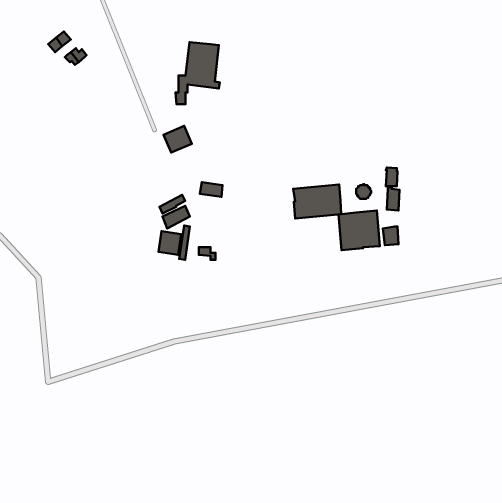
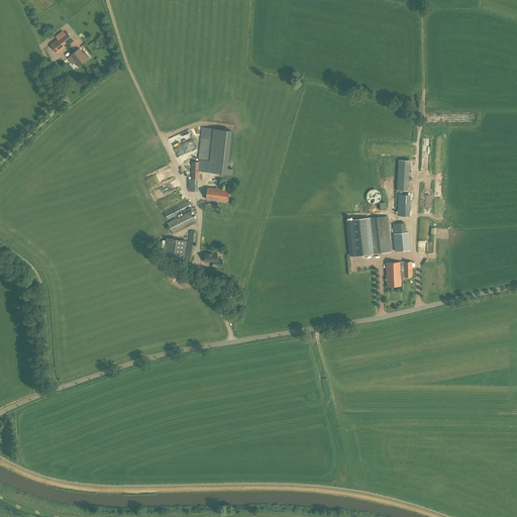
building: [176,42,220,104] -> [187,127,232,191]
building: [293,184,341,219] -> none
building: none -> [385,262,411,286]

